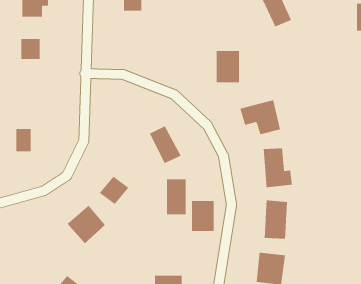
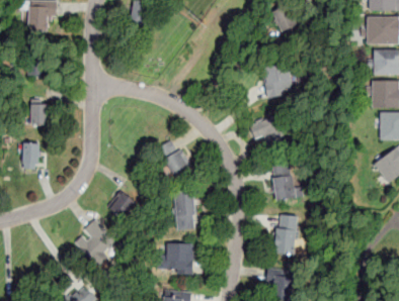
building: [216,51,240,83] -> [264,65,289,97]
building: none -> [30,102,48,124]
building: [191,200,214,231] -> [169,242,192,274]

